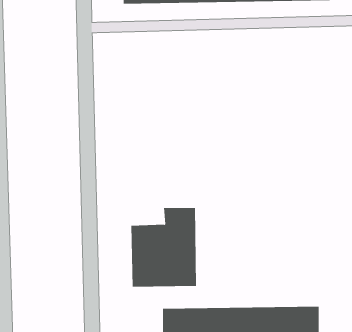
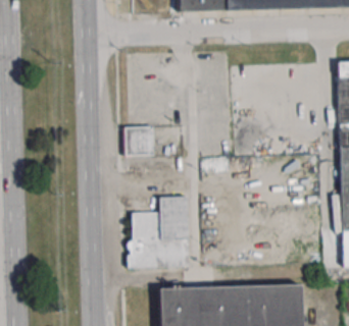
building: none -> [124,126,155,155]

